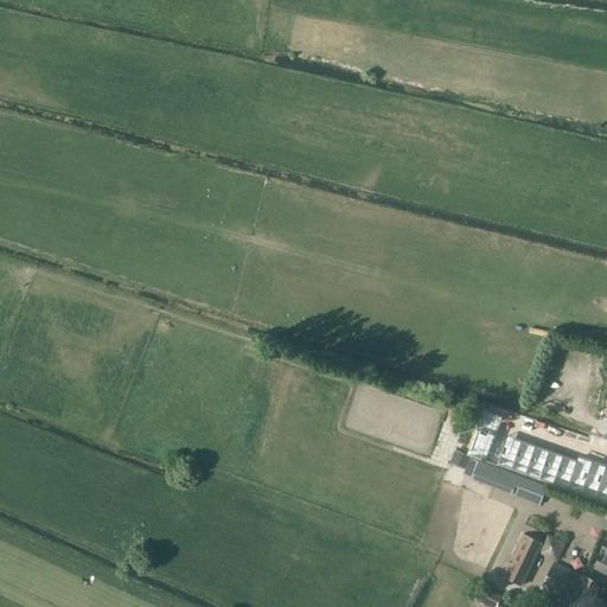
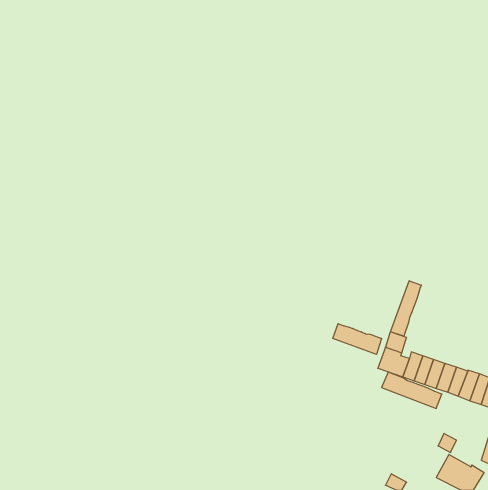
building: none -> [391,281,421,336]
building: none -> [333,324,382,354]
building: [505,533,544,586] -> none

